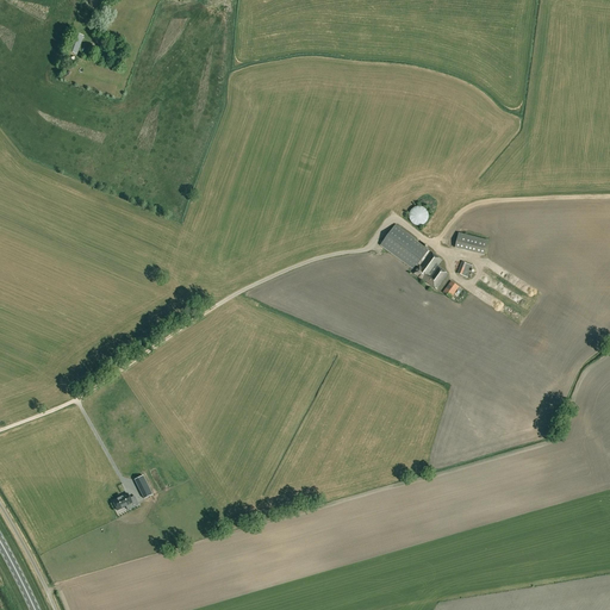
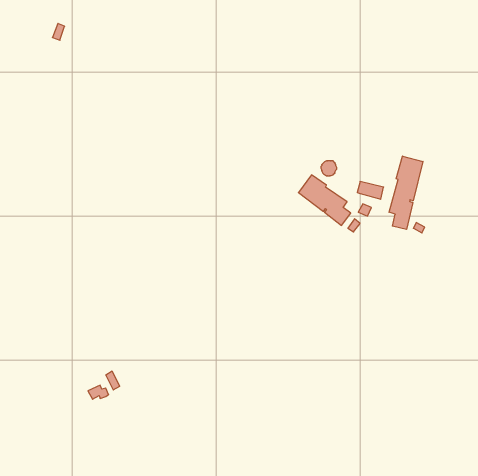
building: none -> [389,156,423,229]

